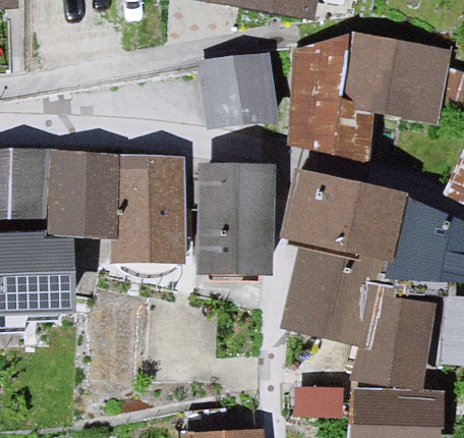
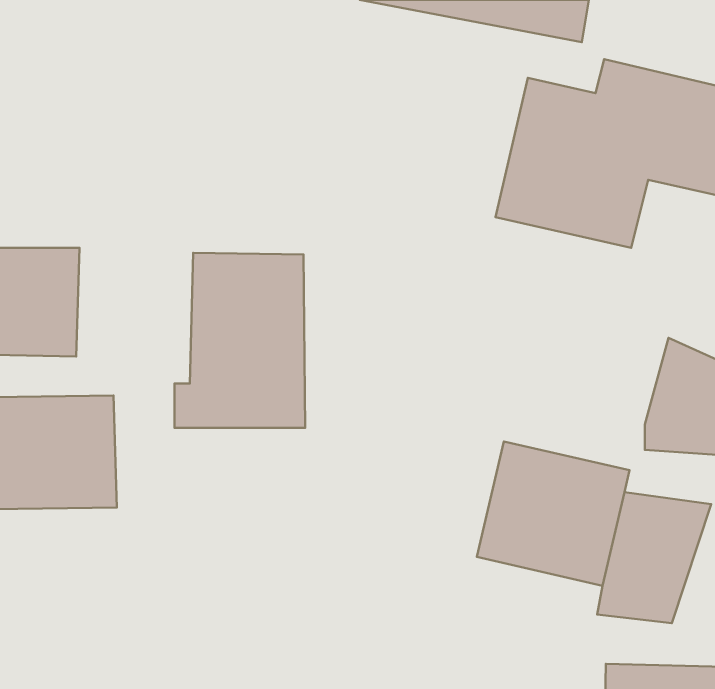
building: [206,60,278,129] -> none
building: [45,149,116,230] -> none
building: [197,158,268,264] -> none
building: [285,174,401,255] -> none

